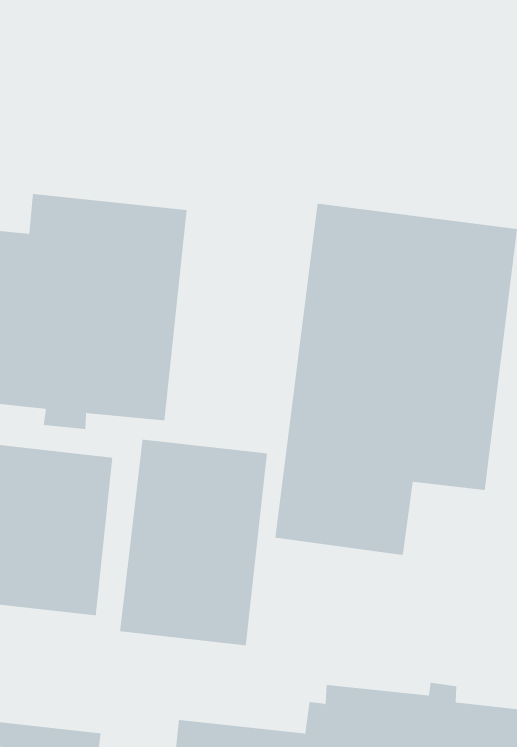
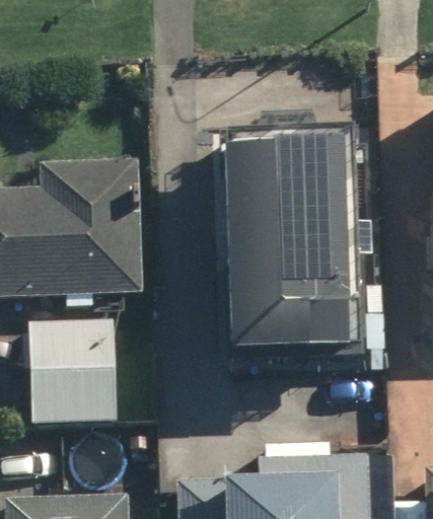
building: [119,439,267,646] -> none

